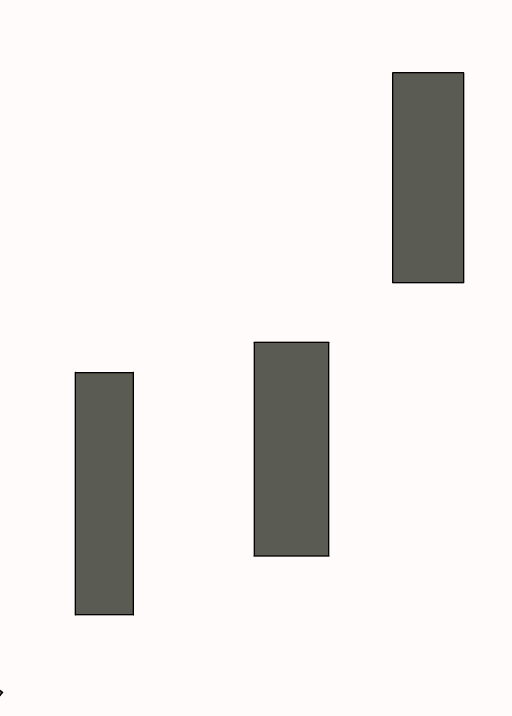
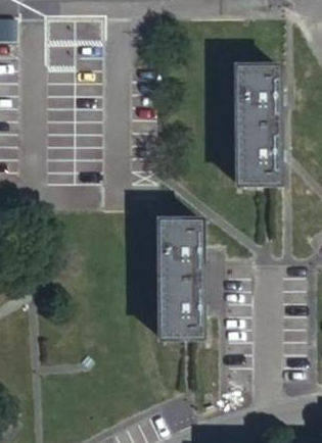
building: [75,372,133,615] -> none

